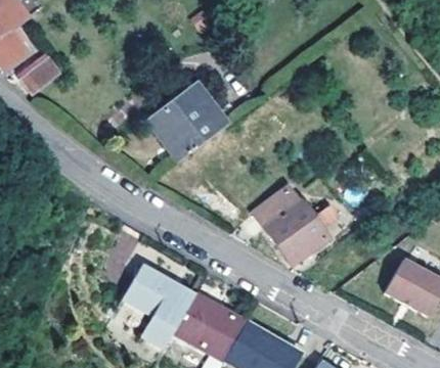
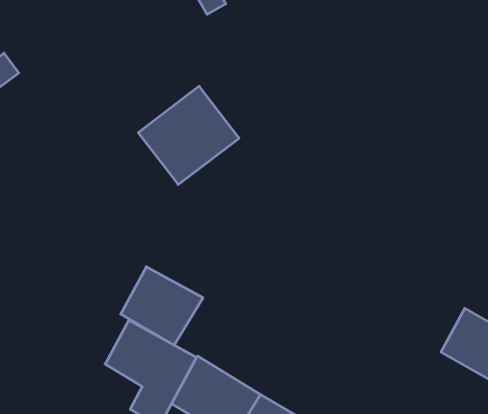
building: [254,187,336,263] -> none
building: none -> [121,267,203,345]

